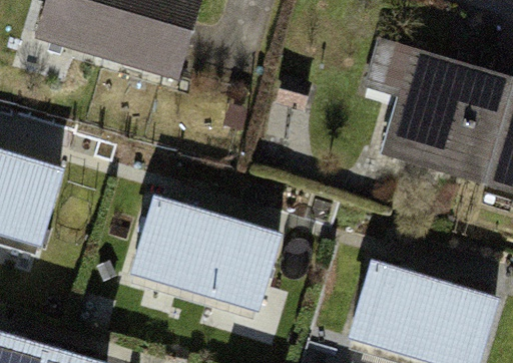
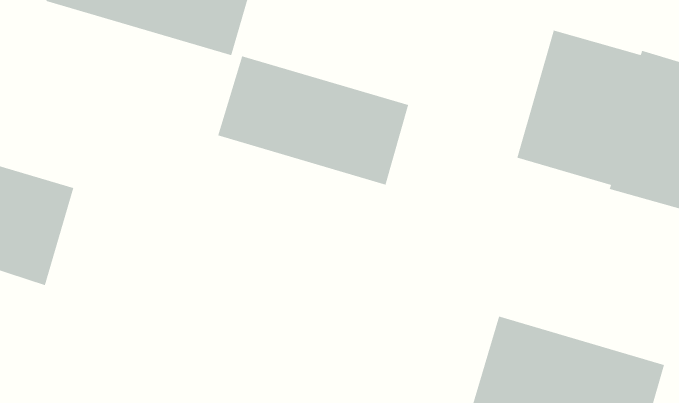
building: none -> [218,56,409,185]
building: [136,200,278,306] -> none

